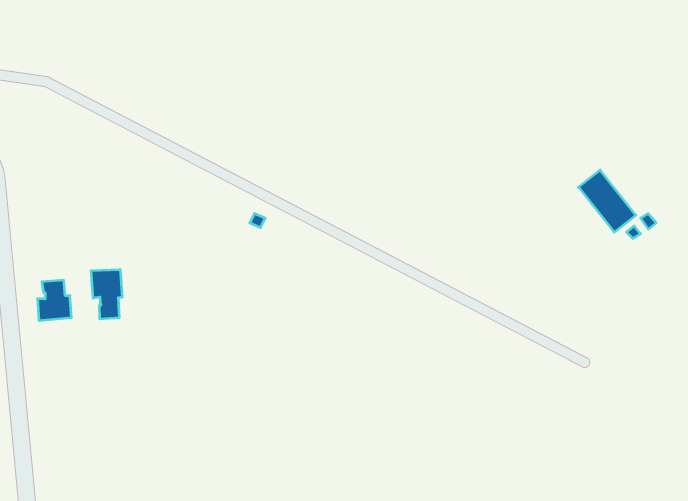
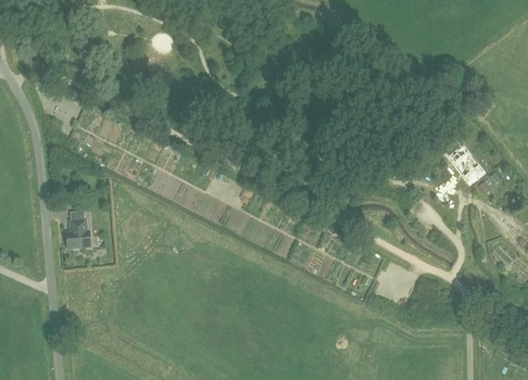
building: [91,269,122,319] -> none

